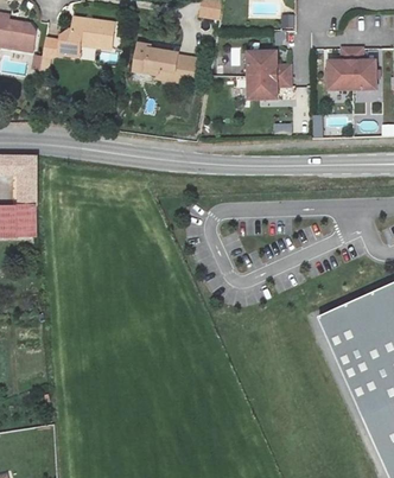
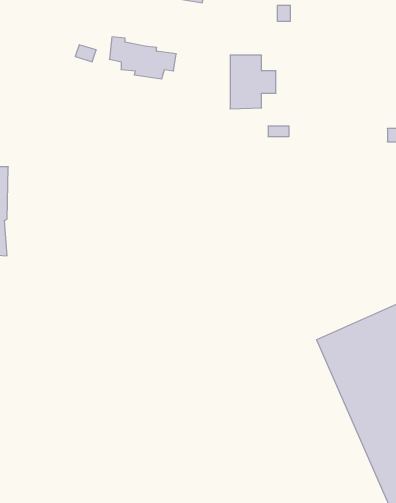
building: [51,13,107,52] -> none
building: [320,55,368,96] -> none

